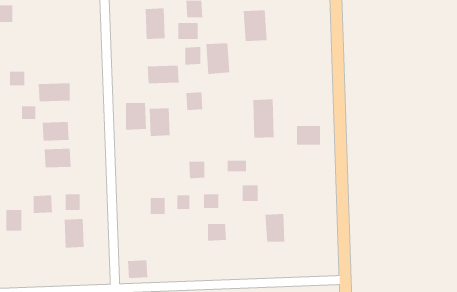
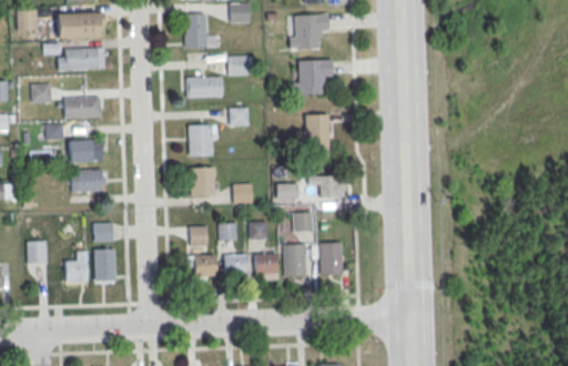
building: none -> [57,12,99,39]
building: [178,22,198,40] -> none
building: none -> [65,49,97,71]
building: [205,43,230,74] -> [297,60,325,95]
building: [125,102,147,130] -> [191,166,215,197]
building: [296,125,321,145] -> [316,174,344,196]
building: [33,195,53,214] -> [65,261,88,282]
building: none -> [283,244,305,276]
building: none -> [224,255,246,275]
building: [127,260,148,279] -> [193,255,216,276]

